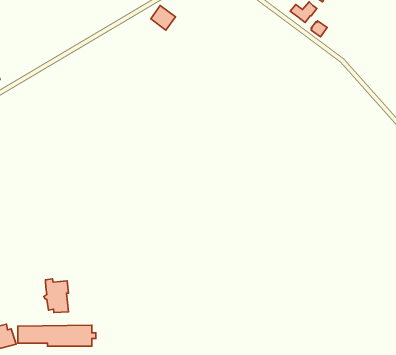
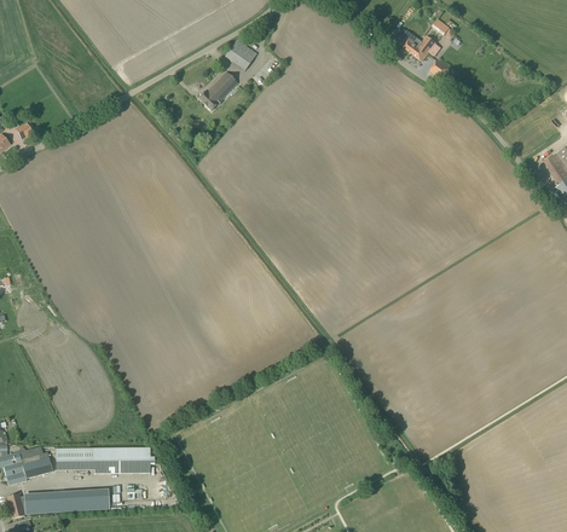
building: none -> [198,71,237,110]
building: [44,279,68,313] -> none

